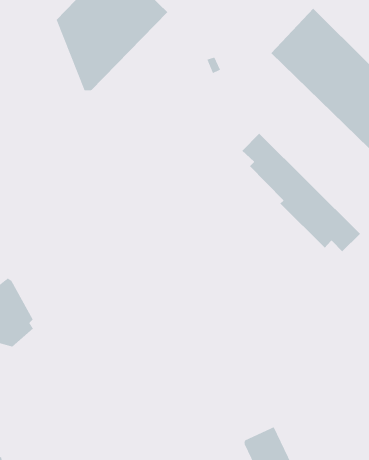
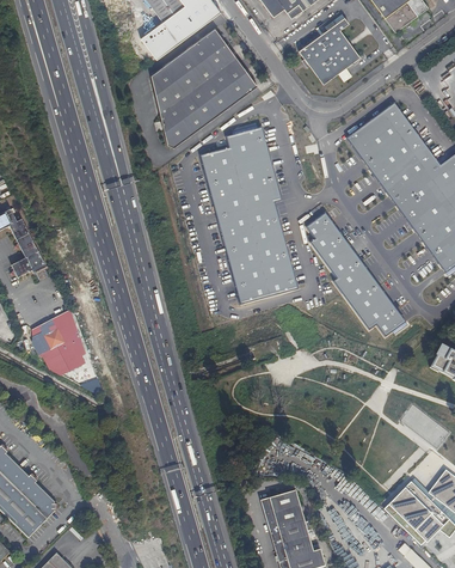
building: none -> [199,127,297,304]

